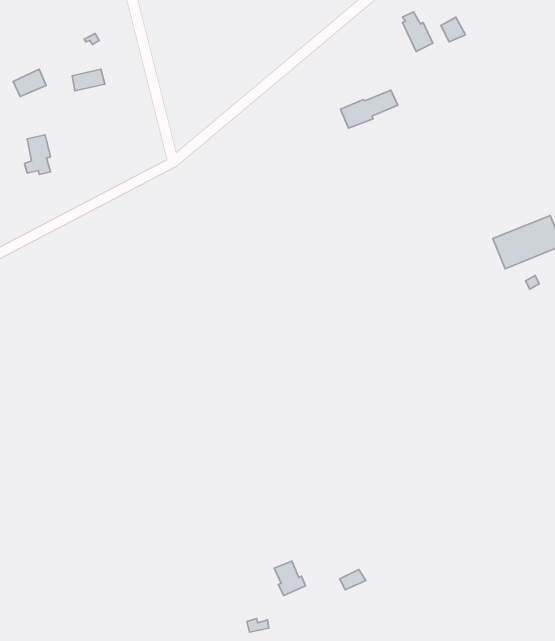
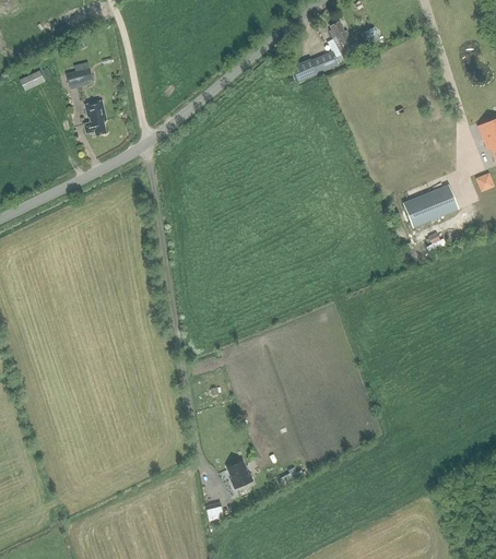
building: [340,90,398,128] -> [291,51,336,82]
building: [25,135,51,174] -> [84,102,105,133]

